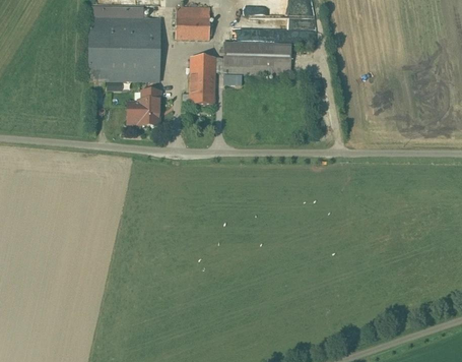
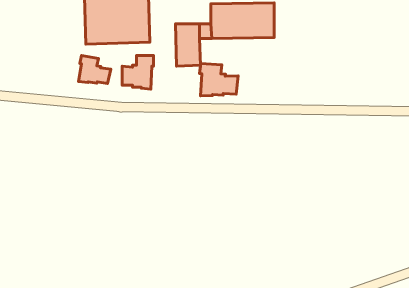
building: none -> [79,55,111,84]
building: none -> [200,63,238,96]

